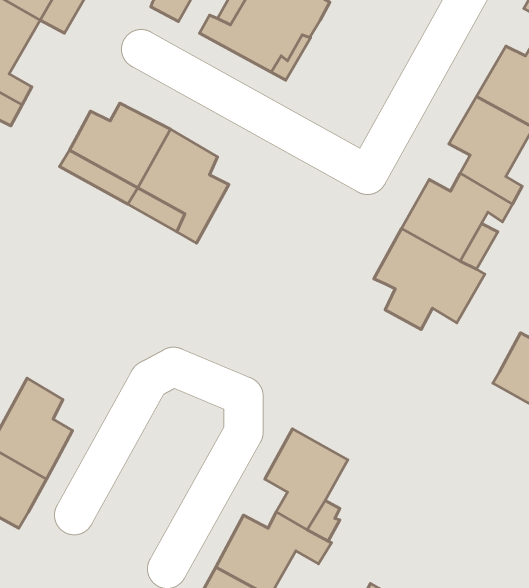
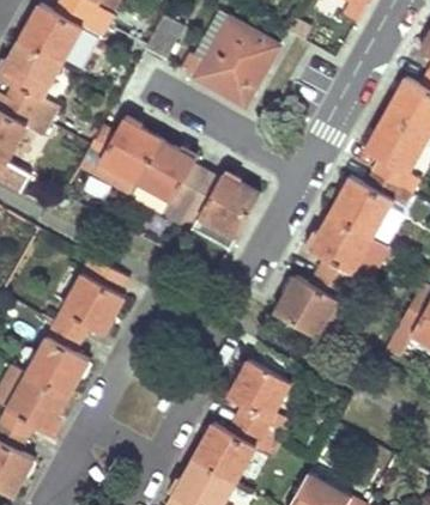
building: none -> [178,174,258,236]
building: none -> [54,256,127,337]
building: none -> [274,272,344,334]

